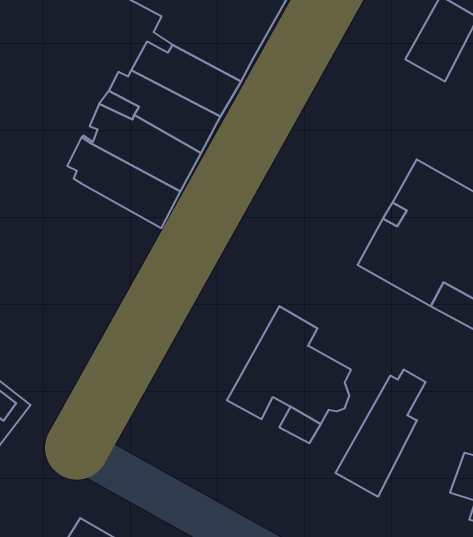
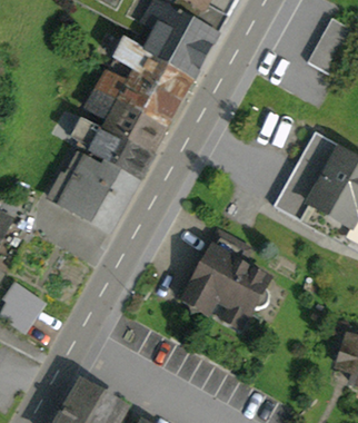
building: none -> [50,148,137,229]
building: [336,369,426,497] -> none

